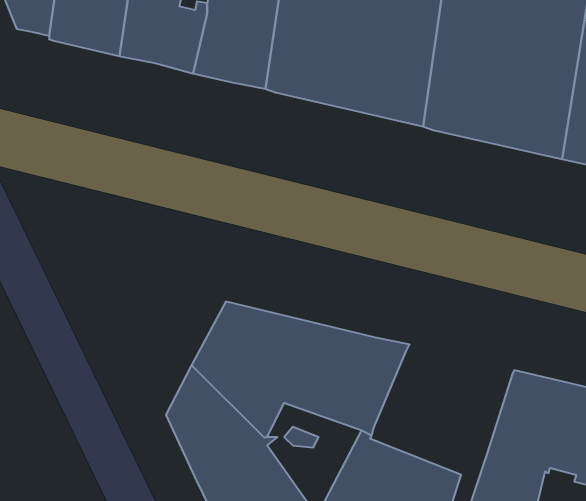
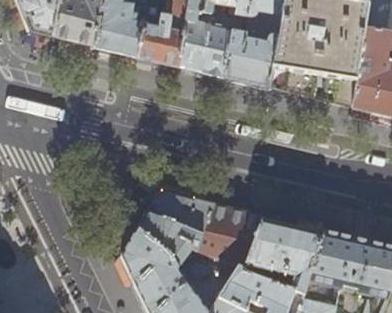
building: none -> [243,219,324,279]

